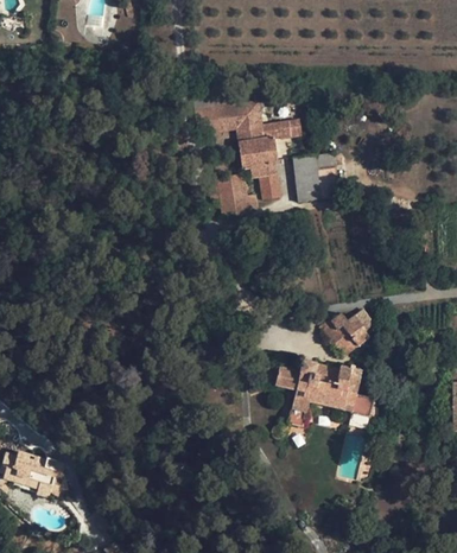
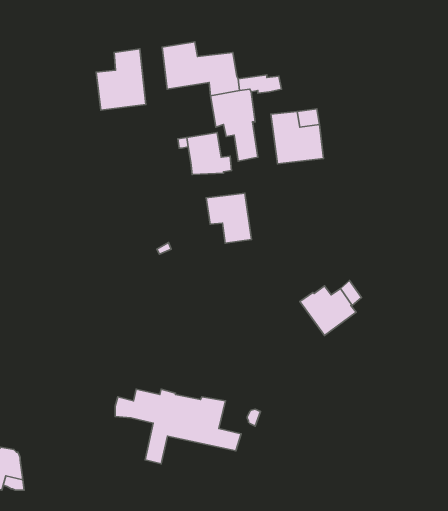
building: none -> [96,49,146,110]
building: none -> [206,193,252,243]
building: [261,360,375,427] -> [115,389,241,464]

